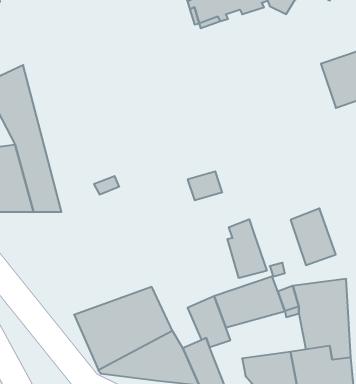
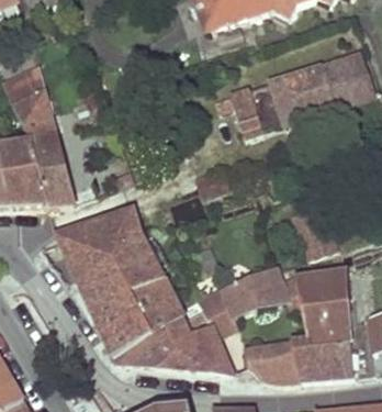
building: none -> [215,65,336,137]
building: none -> [56,208,161,303]
building: [227,219,267,278] -> none

